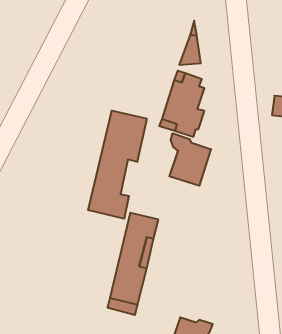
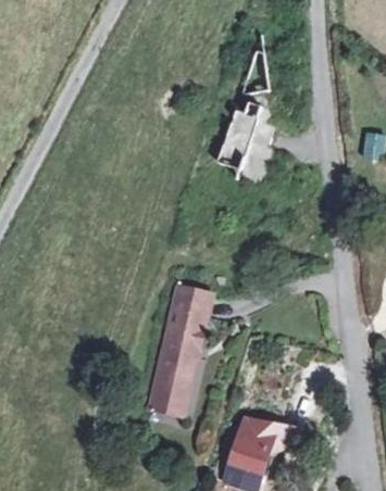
building: [88,111,147,219] -> none
building: [169,133,211,186] -> none

